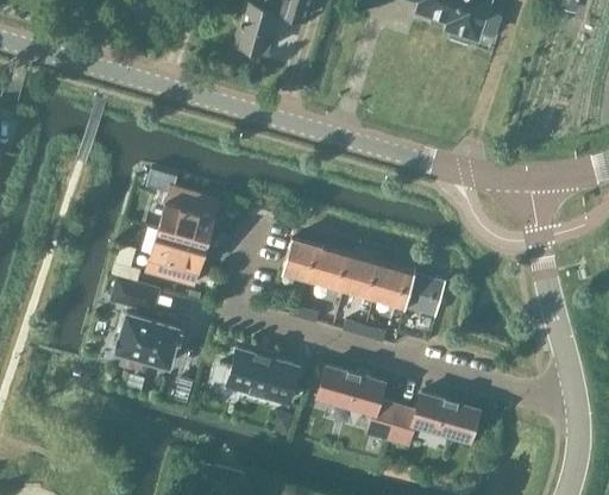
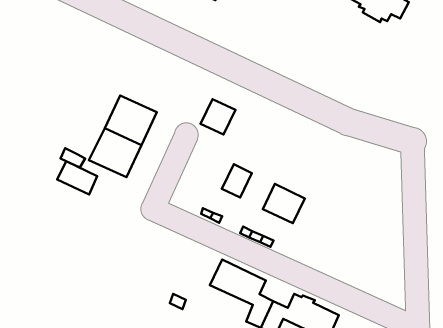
building: [282,240,321,281] -> [201,99,235,134]
building: [335,256,375,297] -> none
building: [404,276,445,317] -> none
building: [115,315,182,368] -> none
building: [226,349,299,405] -> none

